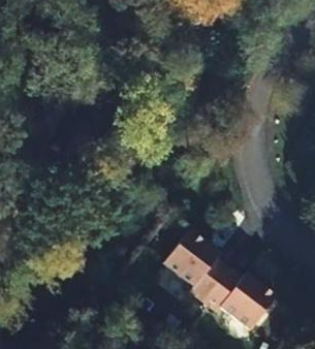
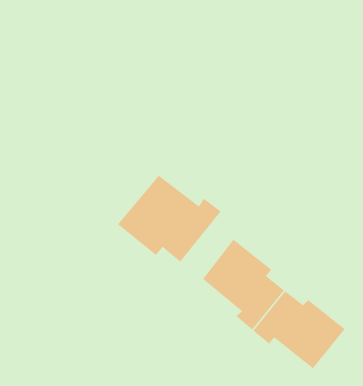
building: none -> [117,175,222,262]

